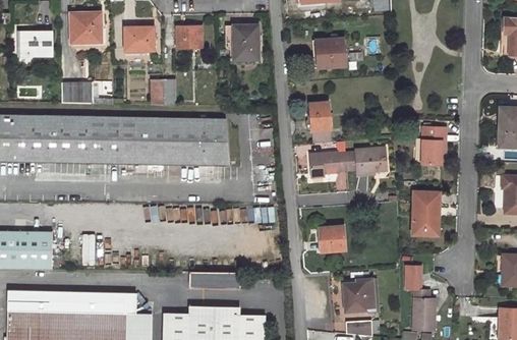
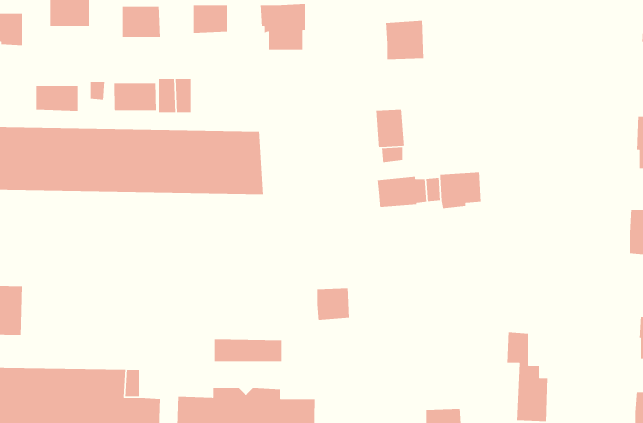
building: none -> [113,82,157,111]
building: [422,126,447,164] -> none
building: [413,191,440,234] -> none
building: [321,227,345,251] -> [317,287,350,321]
building: [343,279,375,311] -> none

